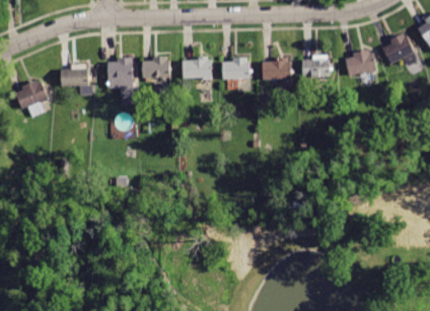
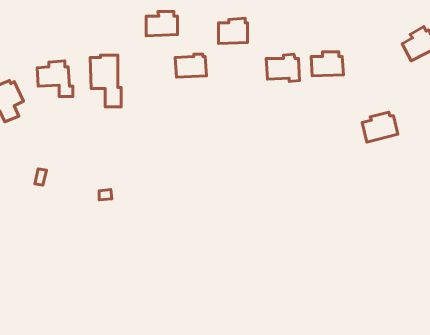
building: [345,50,376,76] -> [362,112,398,142]
building: [142,57,169,78] -> [146,12,177,36]
building: [223,58,248,80] -> [219,18,247,44]

